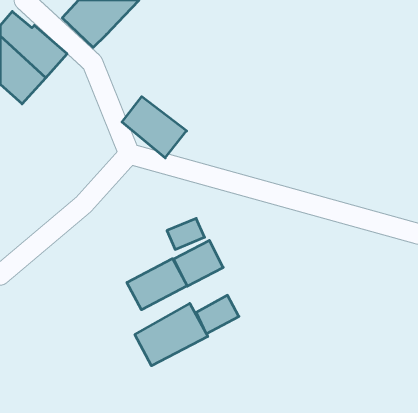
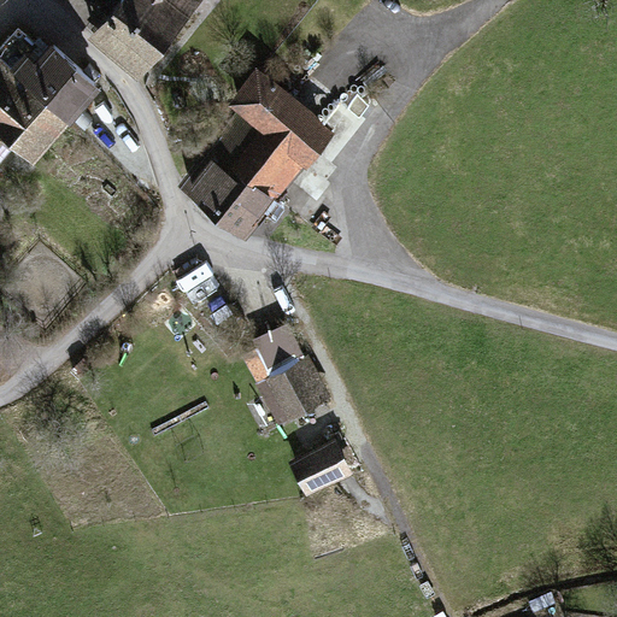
building: none -> [208,70,335,200]
building: [127,259,187,310] -> none
building: [135,303,208,366] -> none

